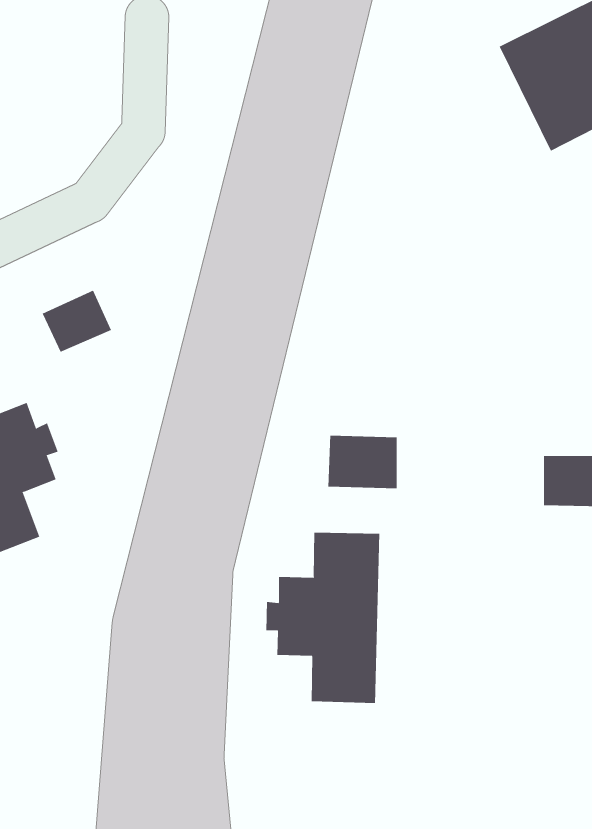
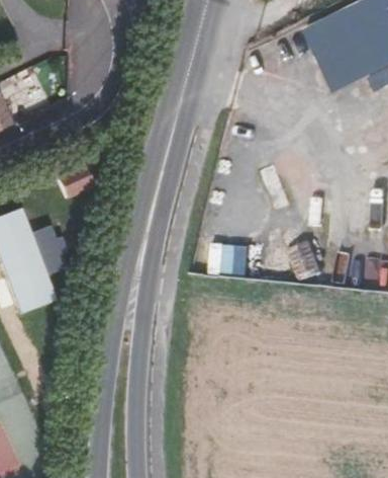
building: [266,532,380,704] -> none

